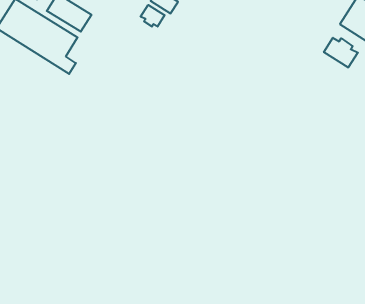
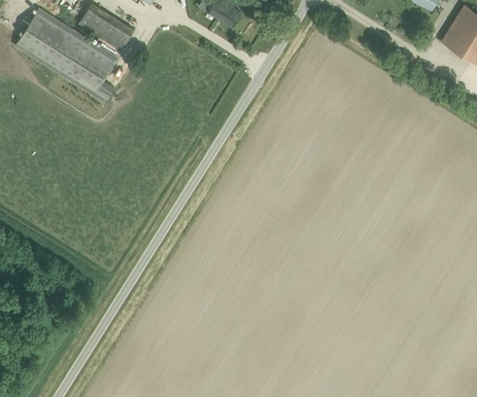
building: [141,5,165,27] -> none
building: [324,38,358,68] -> none

